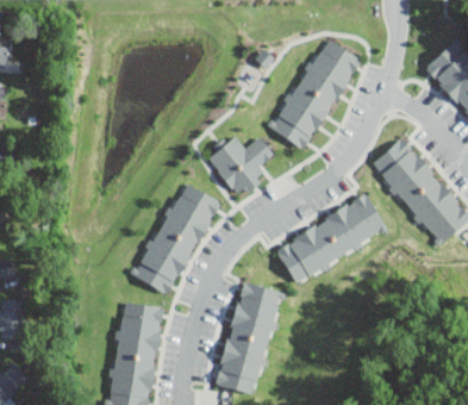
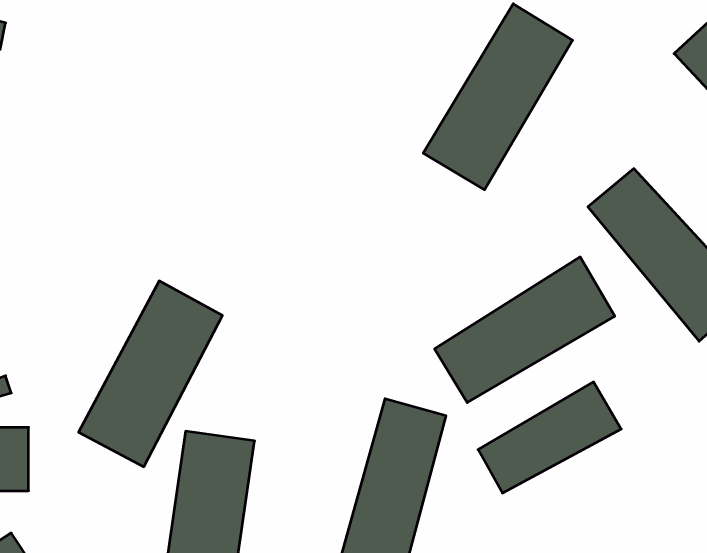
building: [206,133,273,199] -> none
building: [130,181,219,297] -> [79,281,222,467]
building: none -> [478,382,621,493]

